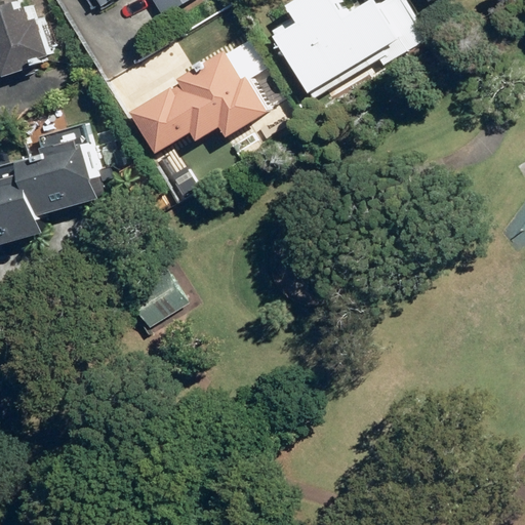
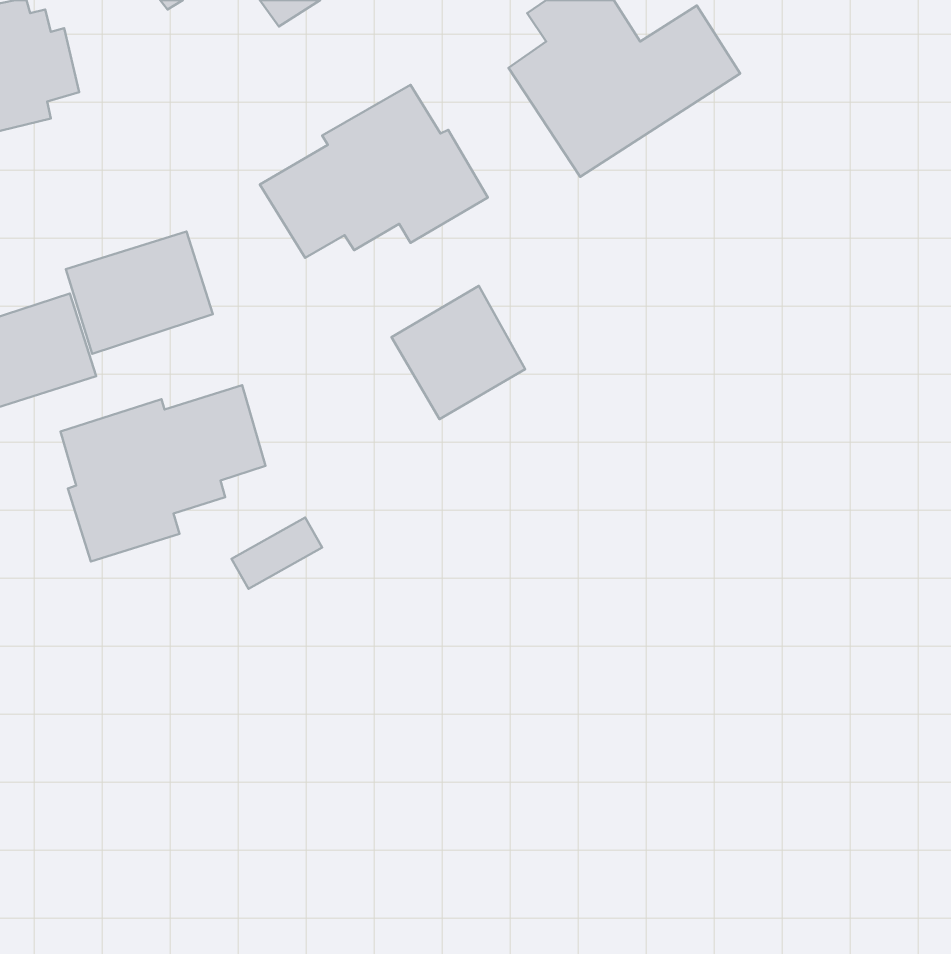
building: none -> [391,286,525,419]
building: none -> [61,385,265,562]

